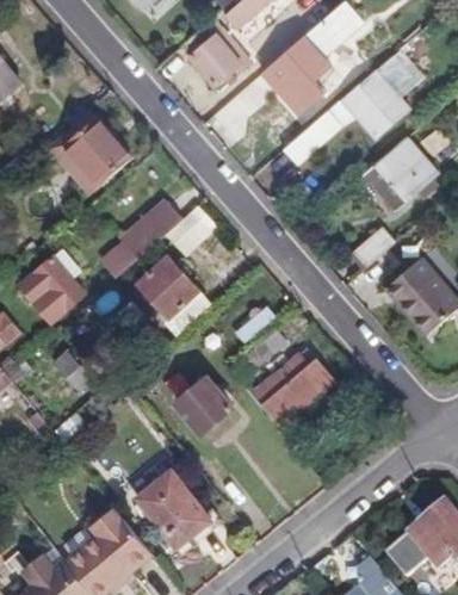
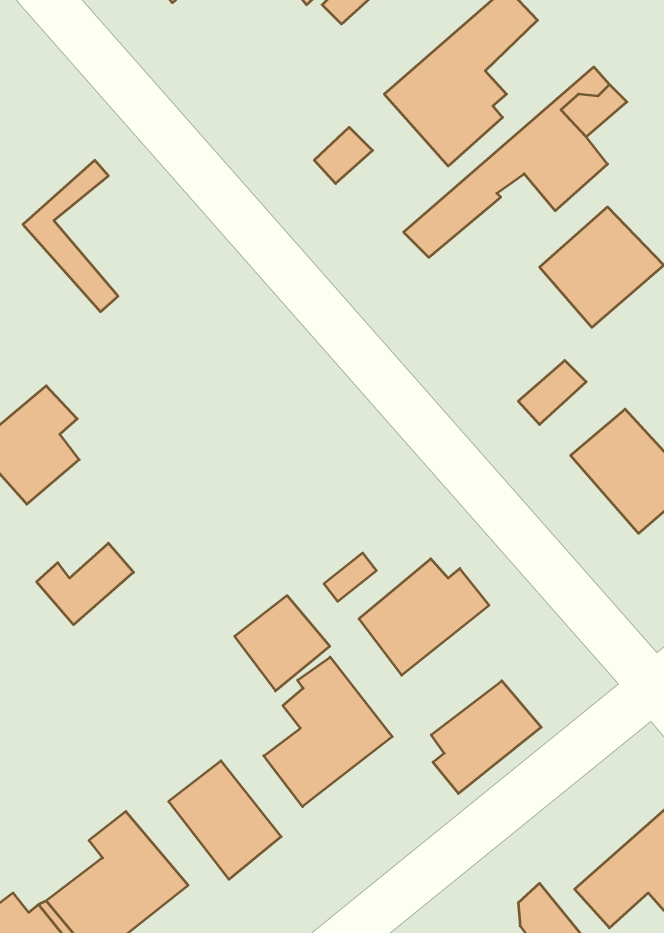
building: [179,21,245,87] -> none
building: [66,117,138,191] -> none
building: [122,199,182,256] -> none
building: [136,255,197,316] -> none
building: none -> [264,657,392,807]
building: none -> [431,681,541,794]

